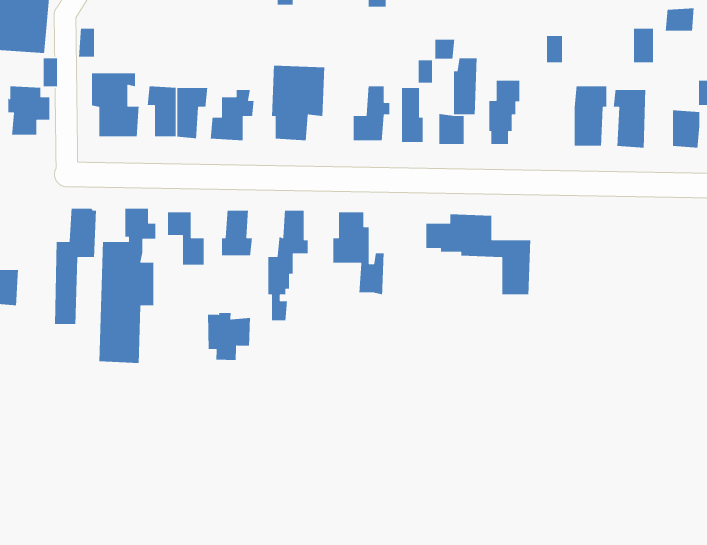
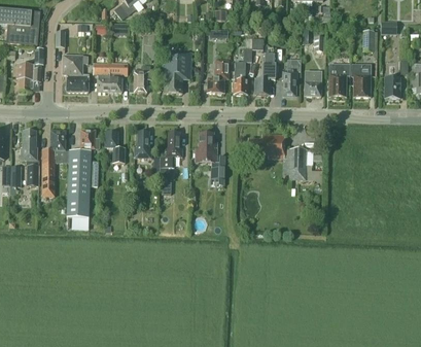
building: none -> [304,72,320,96]
building: none -> [21,129,39,184]
building: [207,312,251,361] -> none

